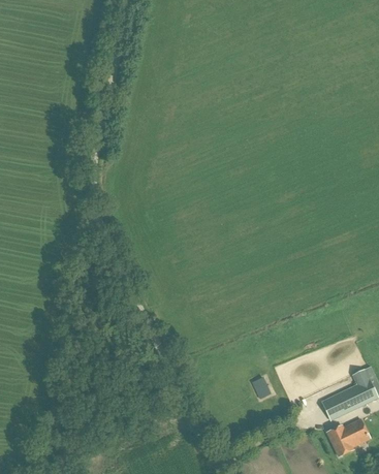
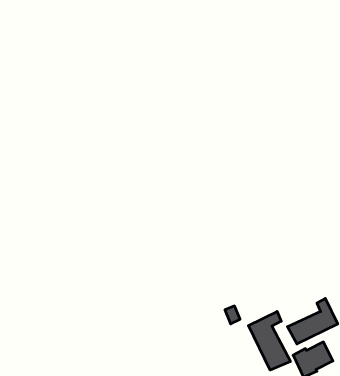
building: none -> [248,311,290,370]

